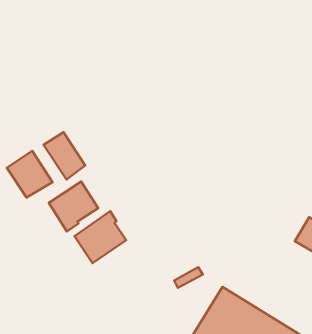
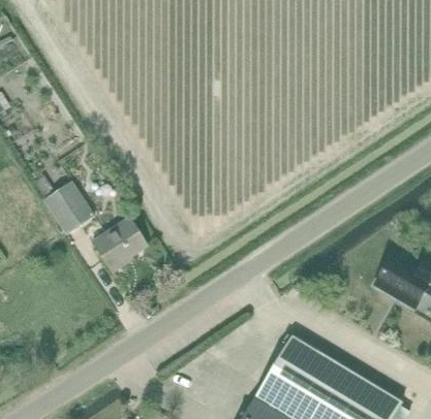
building: [44,132,85,180] -> none
building: [75,211,126,263] -> none

